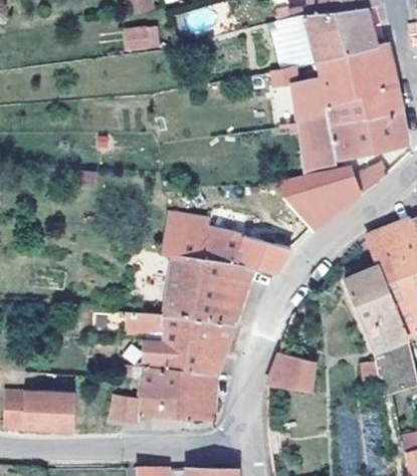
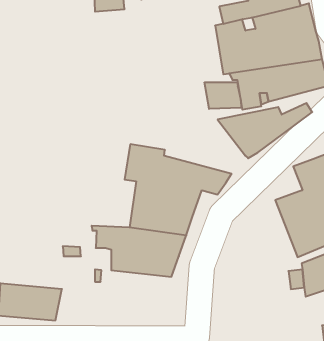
building: none -> [205,82,241,109]
building: [268,351,318,392] -> none
building: [112,366,218,422] -> none

